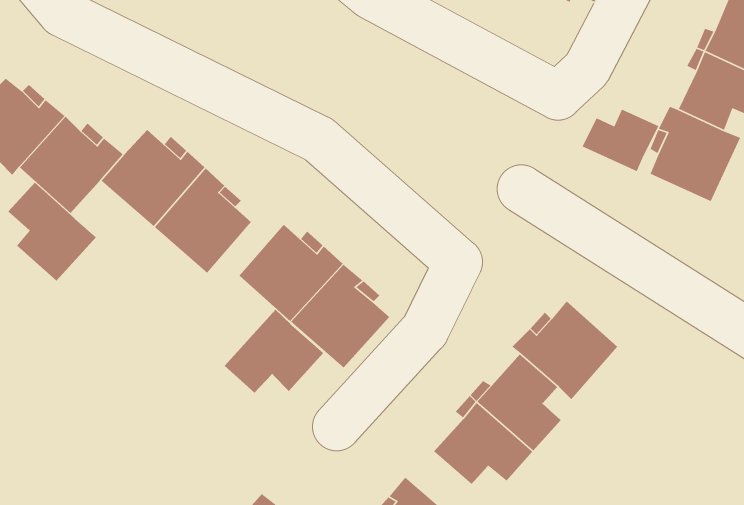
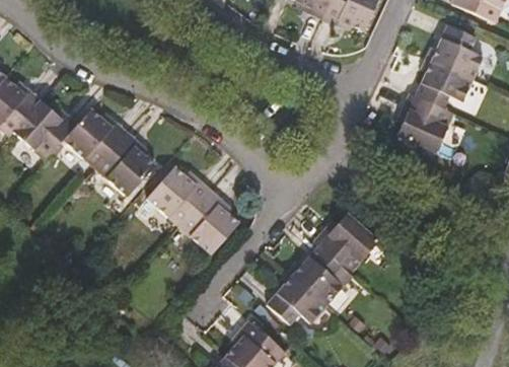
building: [582,108,660,172] -> none
building: [7,182,97,282] -> none
building: [224,309,324,394] -> none

